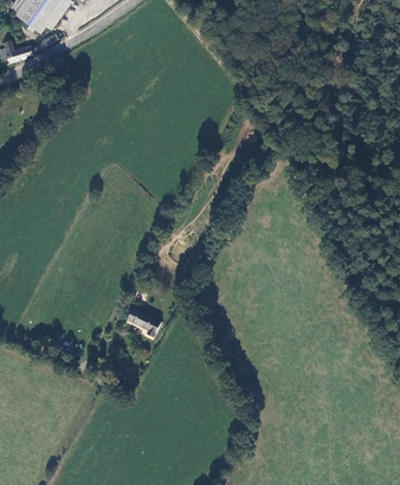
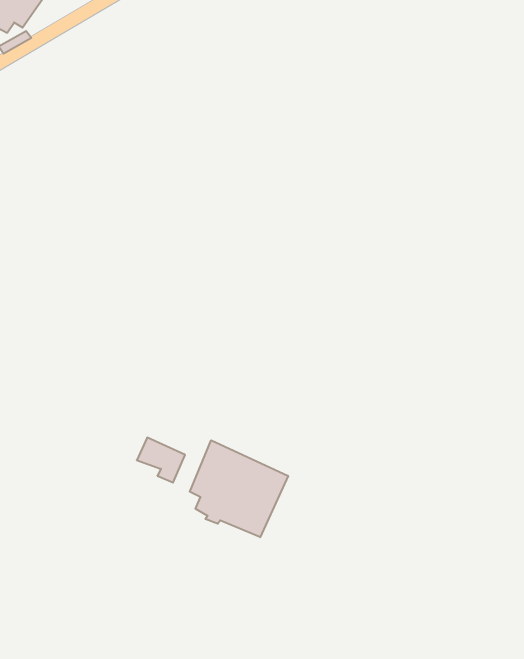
building: none -> [190,440,288,537]

